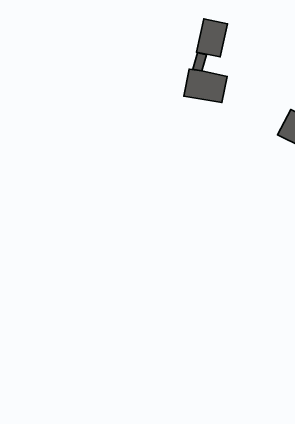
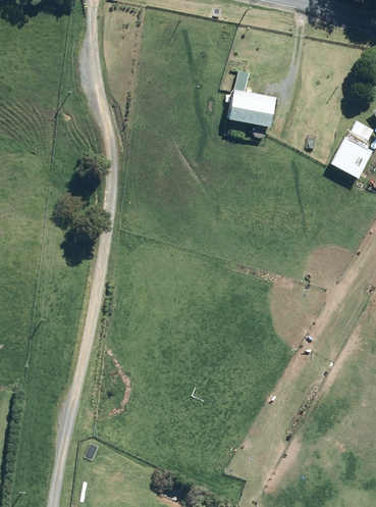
building: [197,19,228,57] -> none

